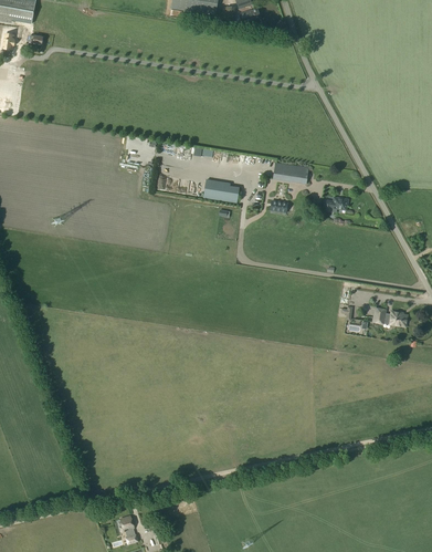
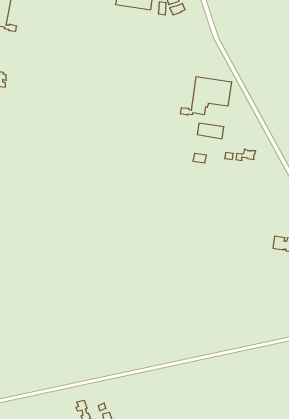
building: none -> [180,77,232,115]
building: [202,179,238,201] -> none

